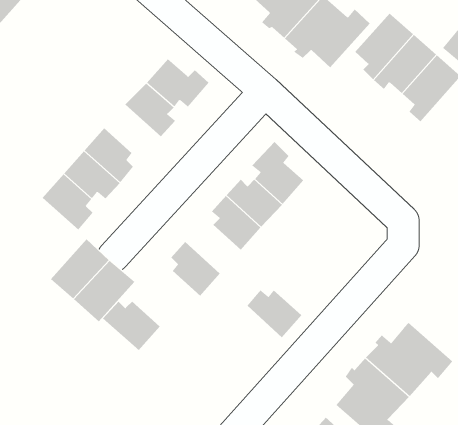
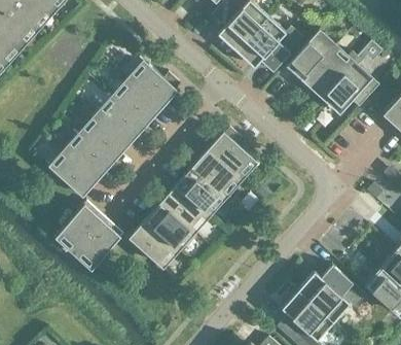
building: none -> [100,100,143,137]
building: [247,289,302,338] -> [161,192,204,229]
building: [102,301,160,351] -> [129,227,173,265]

